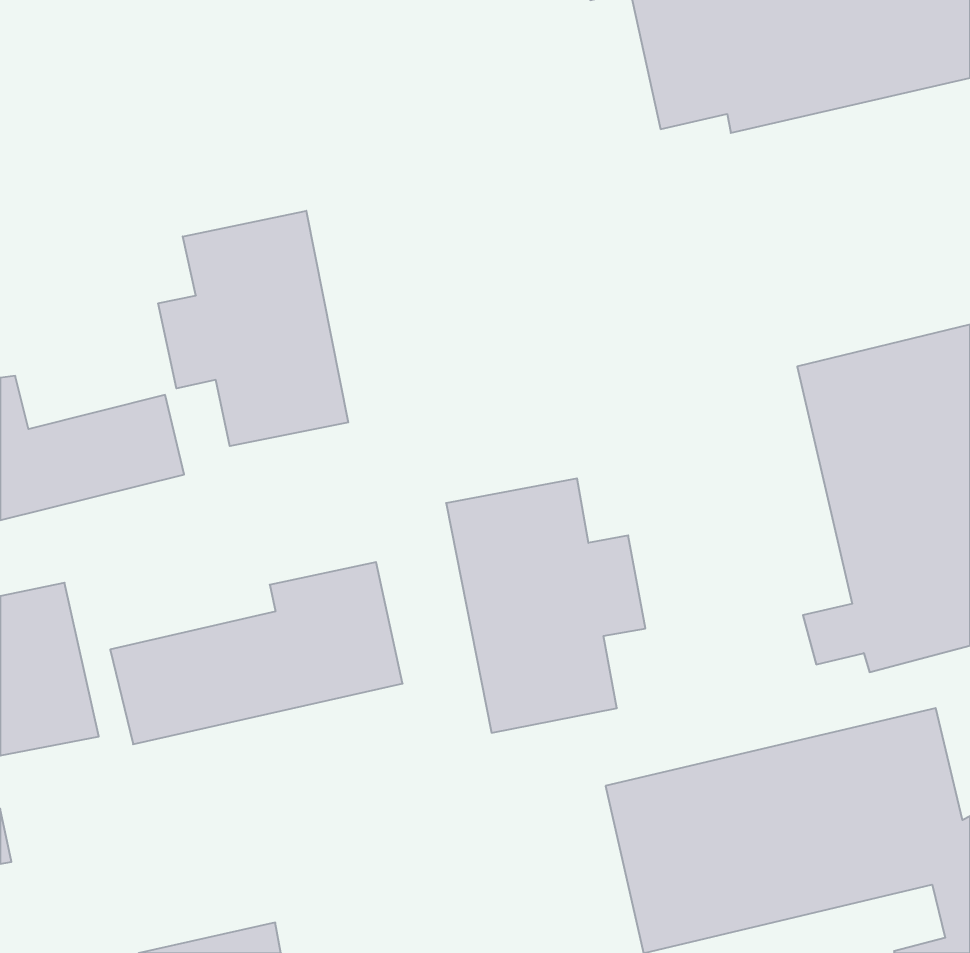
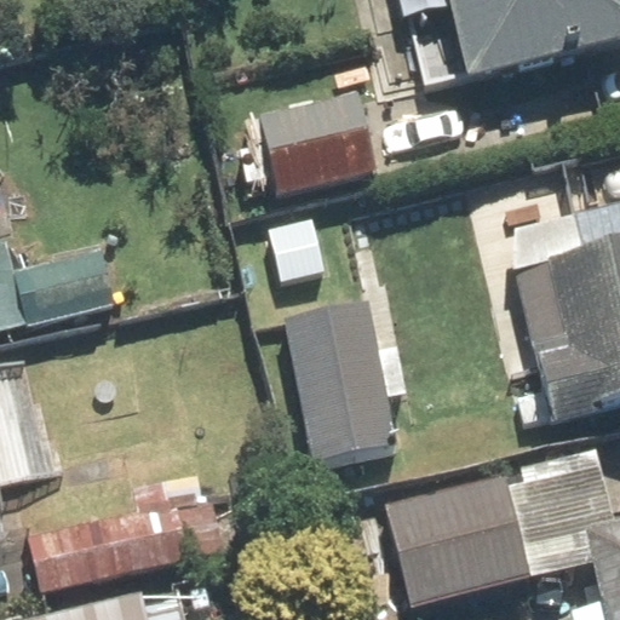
building: none -> [259,97,374,195]
building: [158,211,348,446] -> none
building: [110,562,403,744] -> [29,475,216,591]

